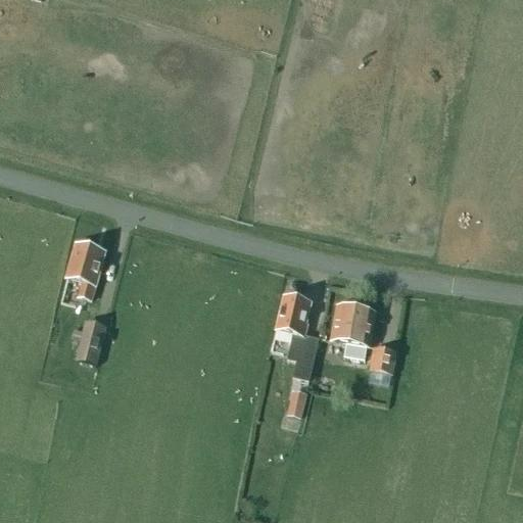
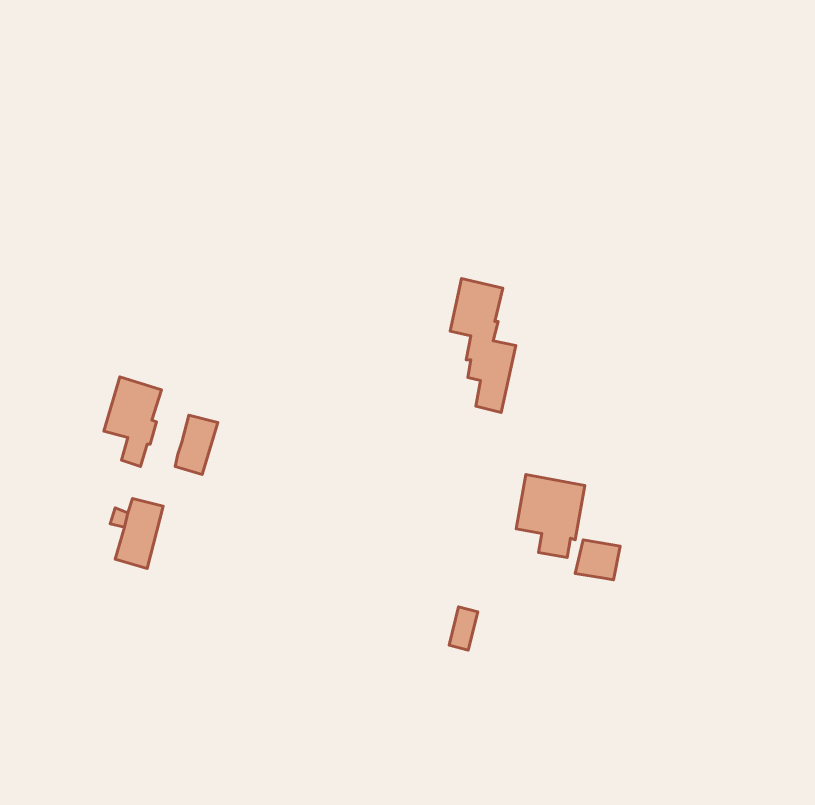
building: none -> [175,415,218,475]
building: [277,294,319,380] -> [450,278,516,413]

